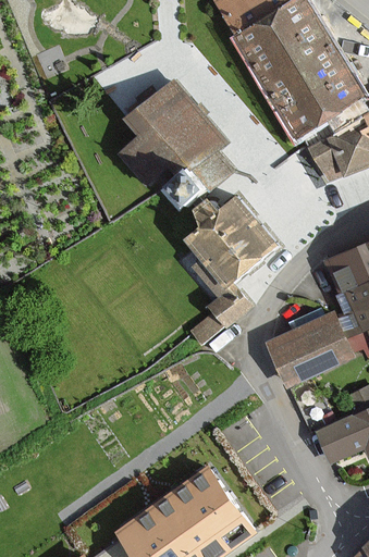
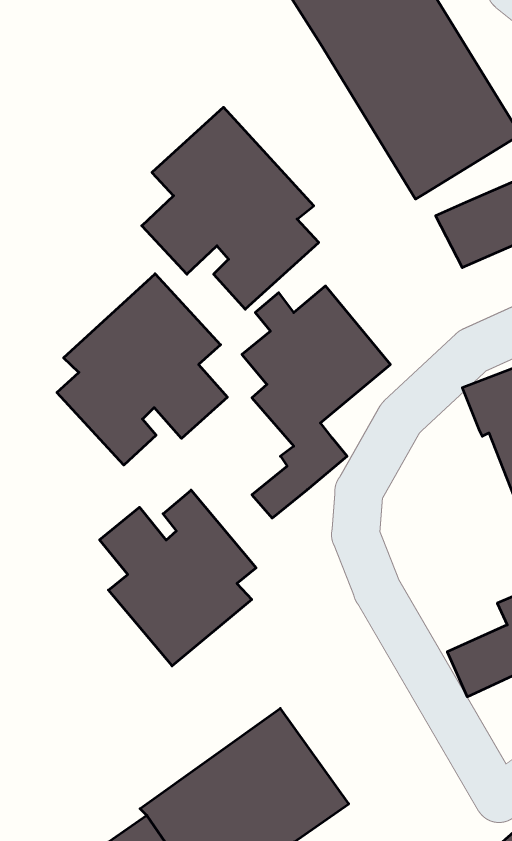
building: none -> [57,274,227,465]
building: [267,312,352,386] -> none
building: none -> [100,490,256,666]

